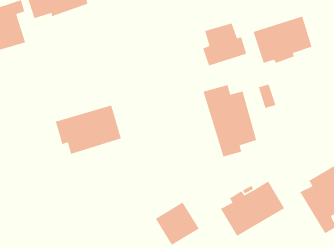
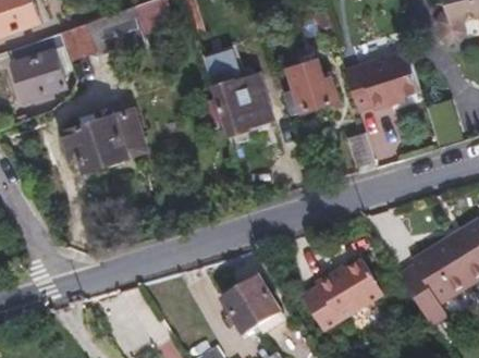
building: [203,84,257,157] -> [201,52,269,143]
building: [55,104,122,155] -> [63,112,146,174]

